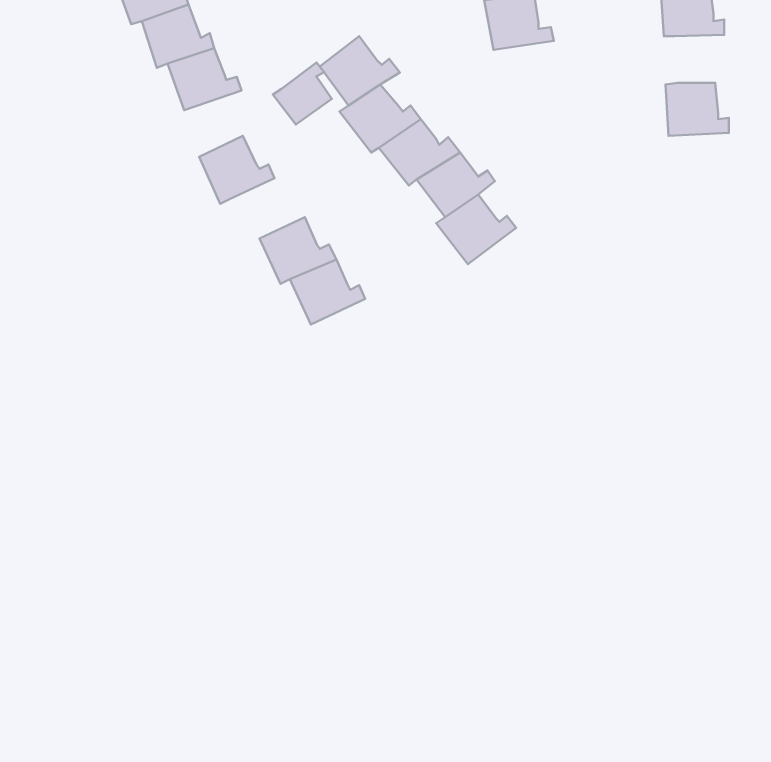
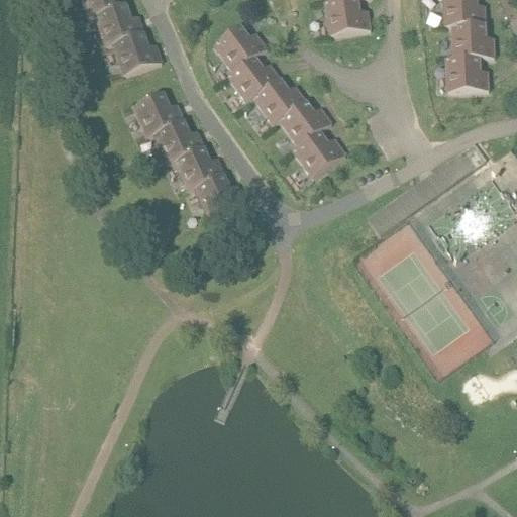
building: none -> [451,23,494,56]
building: [273,63,332,124] -> none
building: none -> [153,119,204,163]

